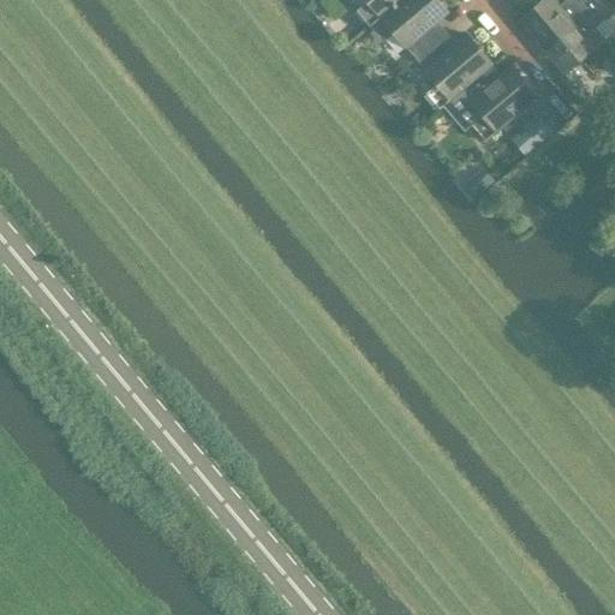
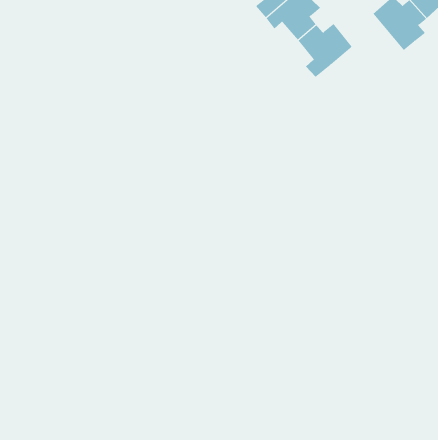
building: [465,65,539,139] -> none

